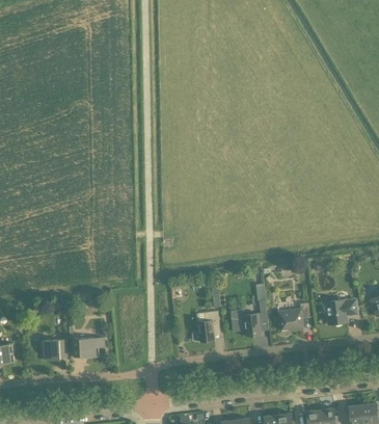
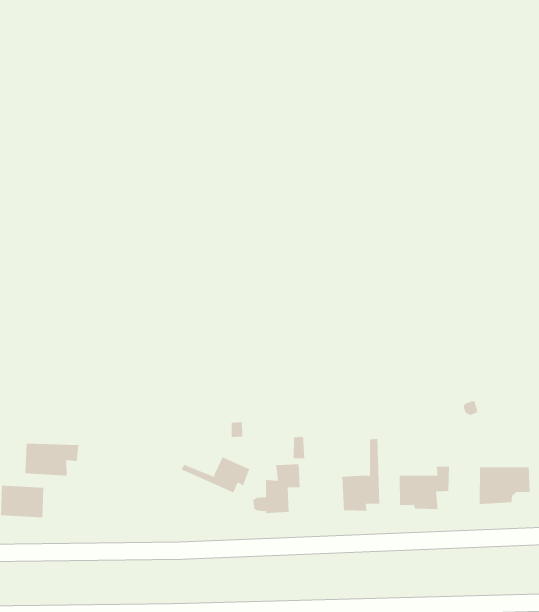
building: none -> [181,456,250,493]
building: [72,337,104,357] -> [24,443,79,476]

